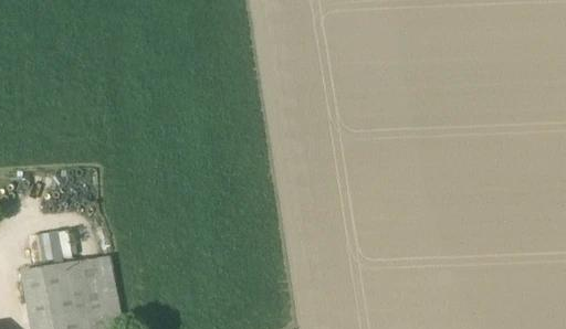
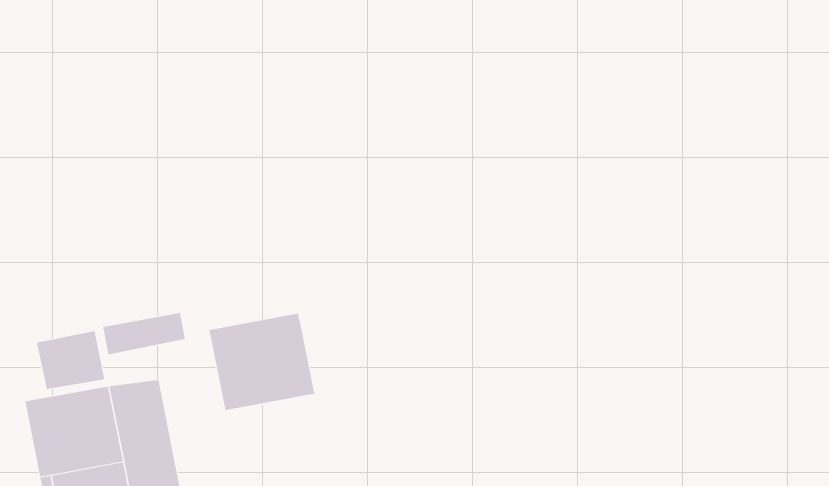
building: none -> [102,312,185,355]
building: none -> [209,313,315,411]

